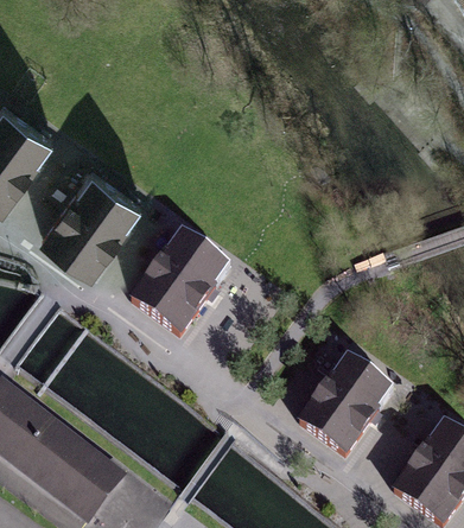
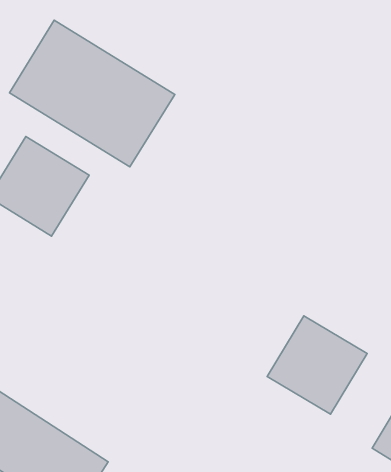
building: none -> [9,20,175,167]
building: [127,231,223,326] -> none

